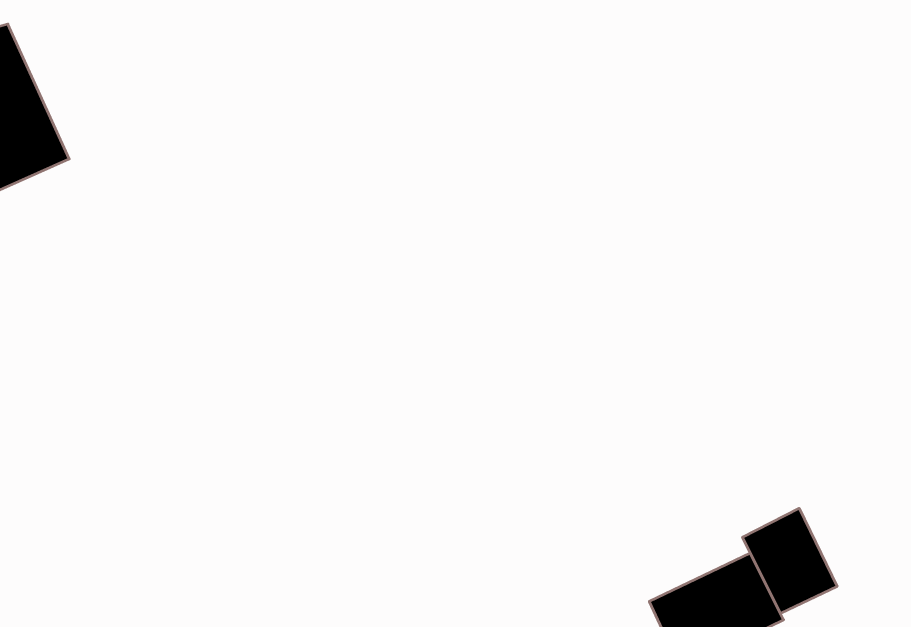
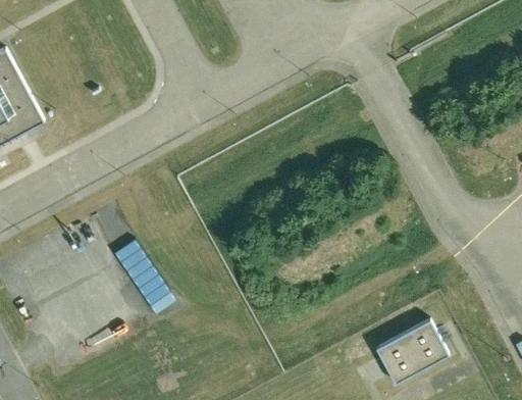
building: [743,508,837,613] -> none

